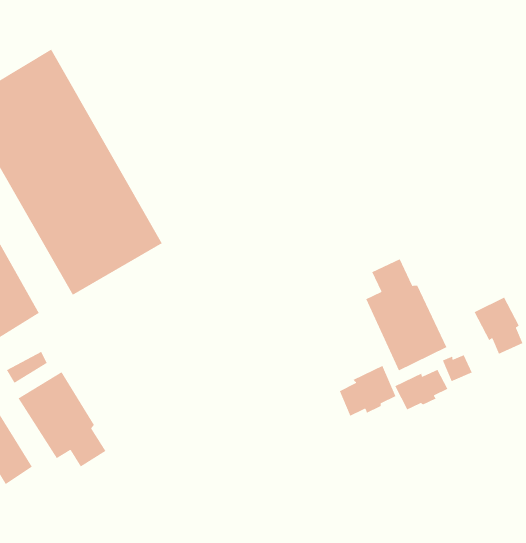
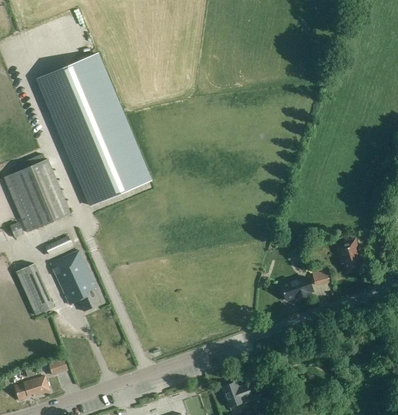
building: [365,258,448,371] -> none
building: [339,365,397,417] -> none

